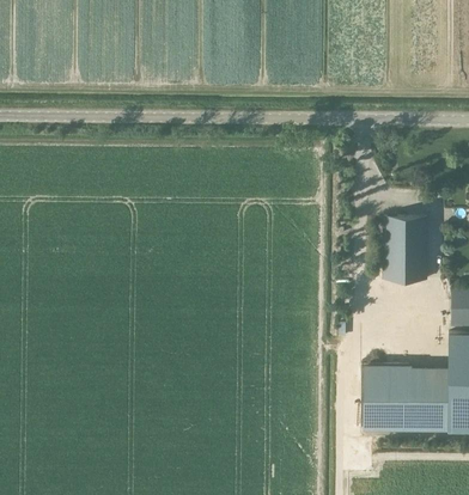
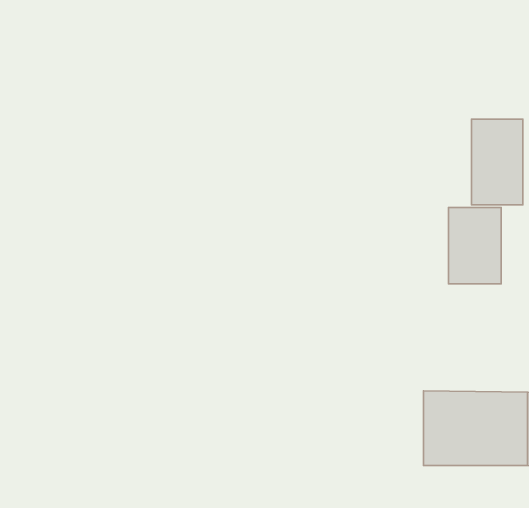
building: none -> [471,119,523,205]

